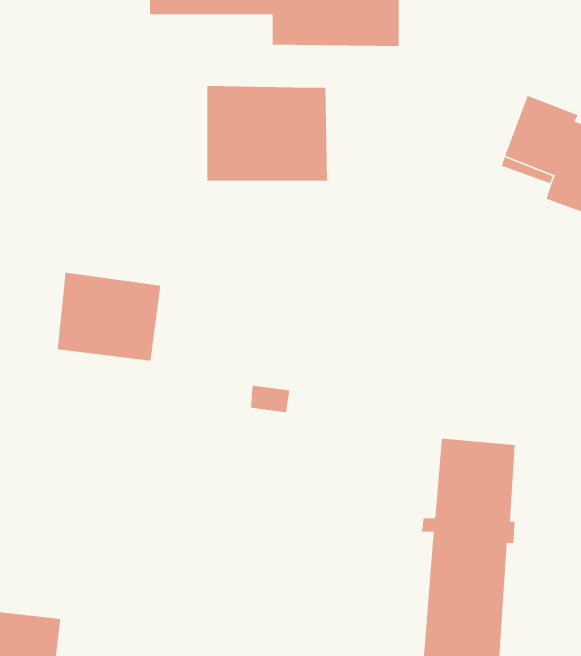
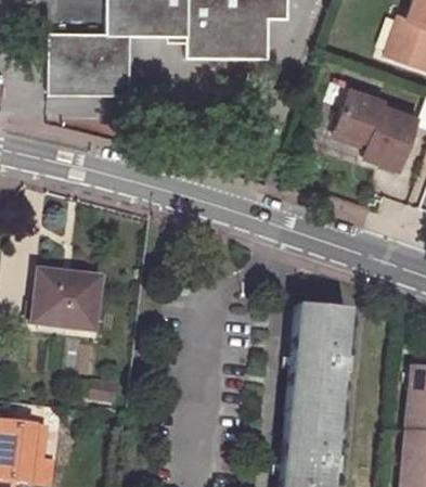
building: [207,85,328,181] -> [48,30,127,93]
building: [57,272,161,361] -> [35,269,103,328]

